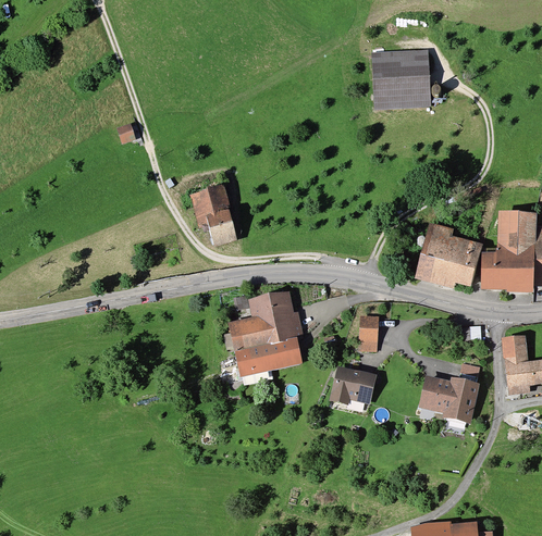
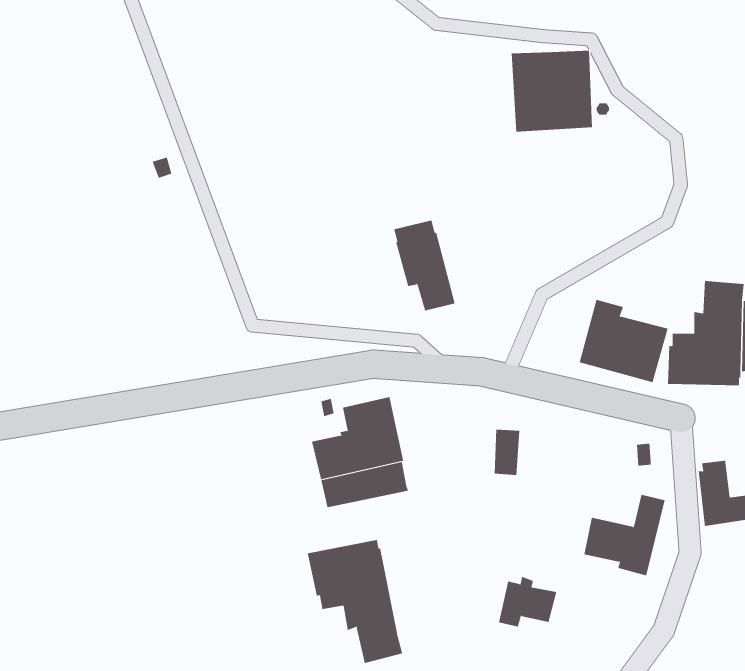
building: [192,179,235,244] -> [394,220,455,311]
building: [332,366,373,402] -> [498,576,557,627]
building: none -> [307,539,403,664]

